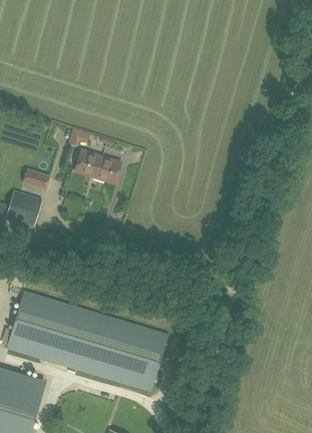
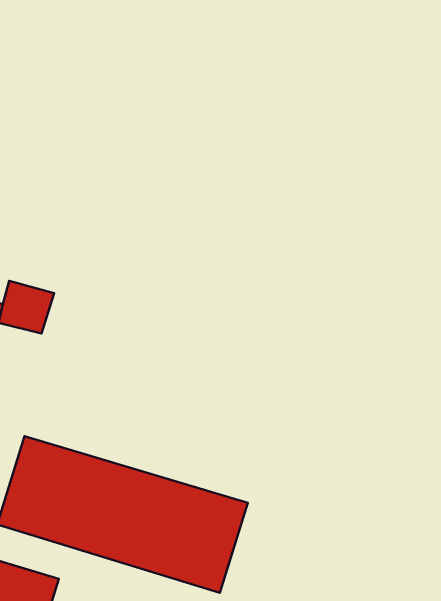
building: [74,148,123,185] -> none
building: [23,168,51,190] -> none

